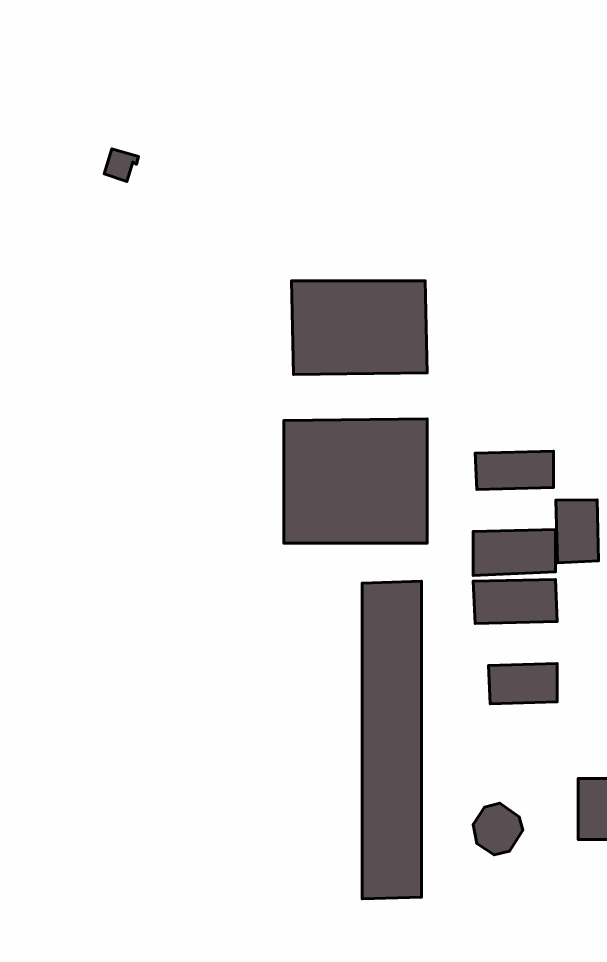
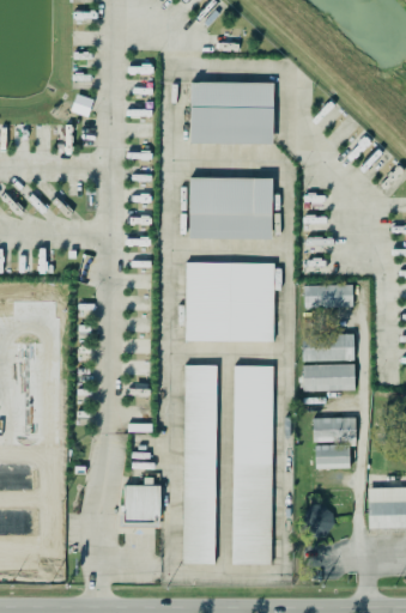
building: none -> [190,81,274,144]
building: [556,500,599,563] -> none
building: none -> [183,365,217,560]
building: none -> [315,444,351,468]
building: none -> [123,485,162,527]

